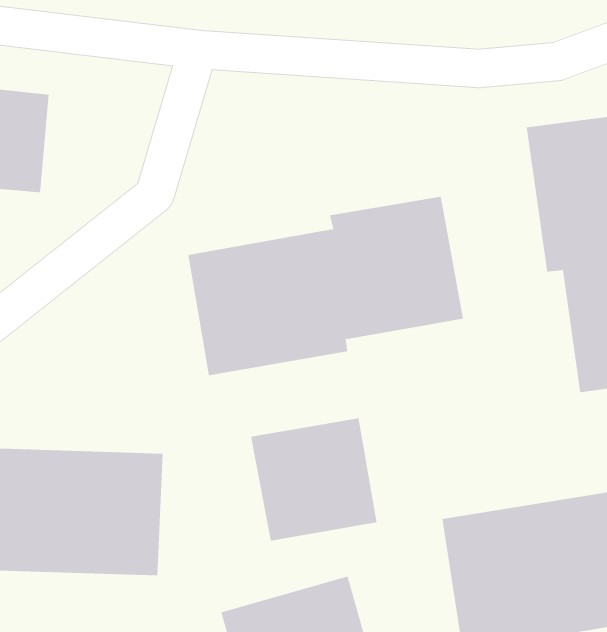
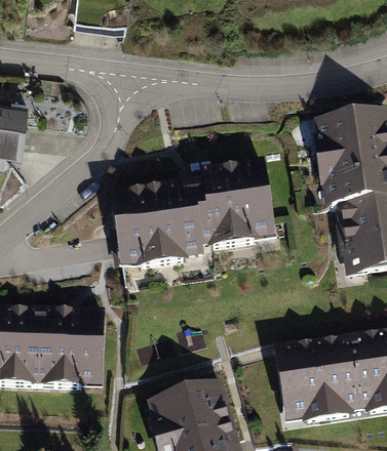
building: [250,418,377,542] -> none

